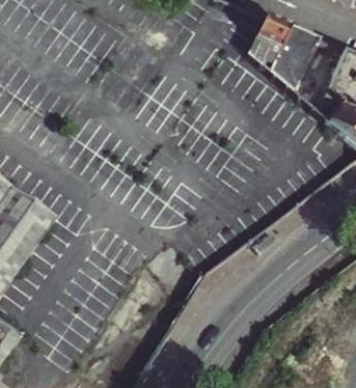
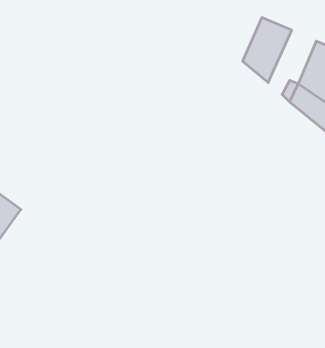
building: [247,17,289,70] -> none

